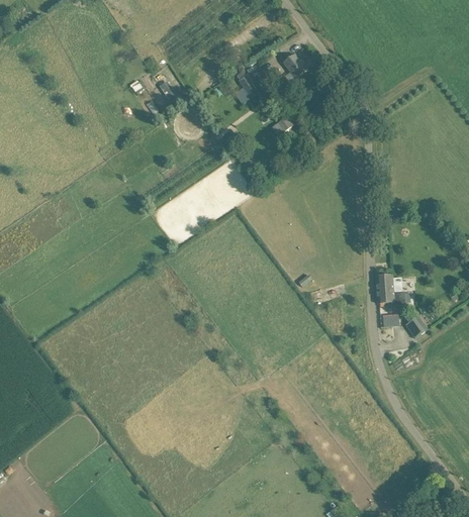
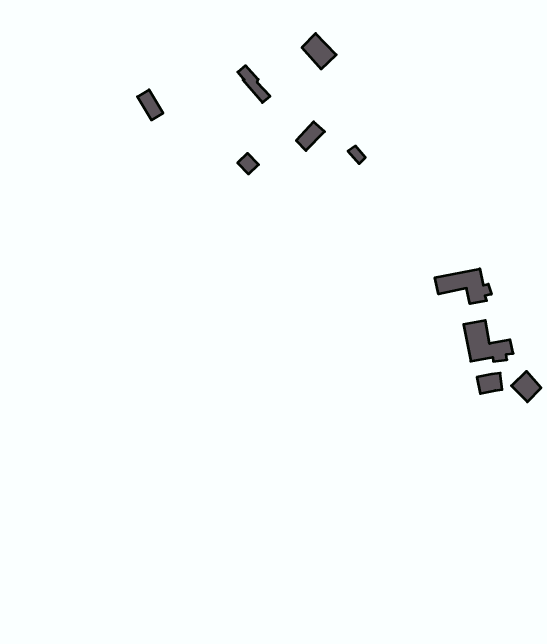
building: none -> [435,269,491,304]

